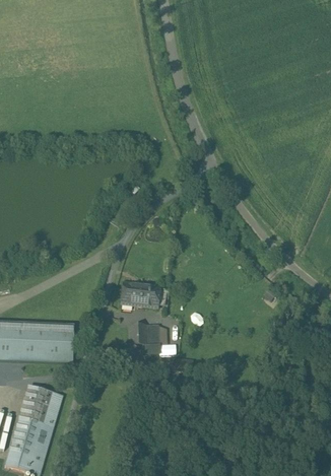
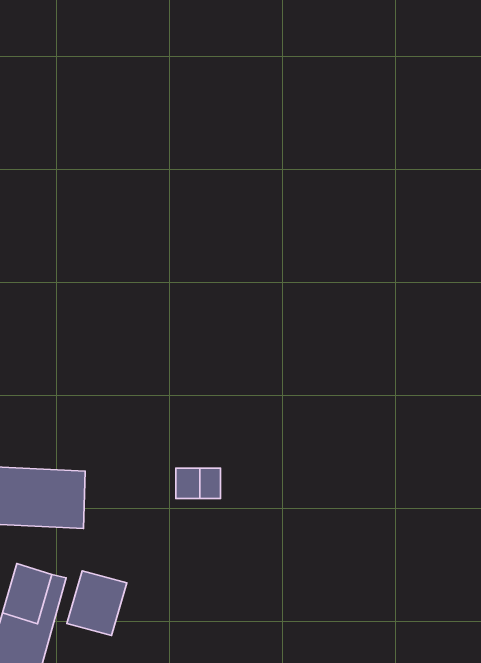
building: [123,281,160,305] -> none
building: none -> [67,571,127,635]

